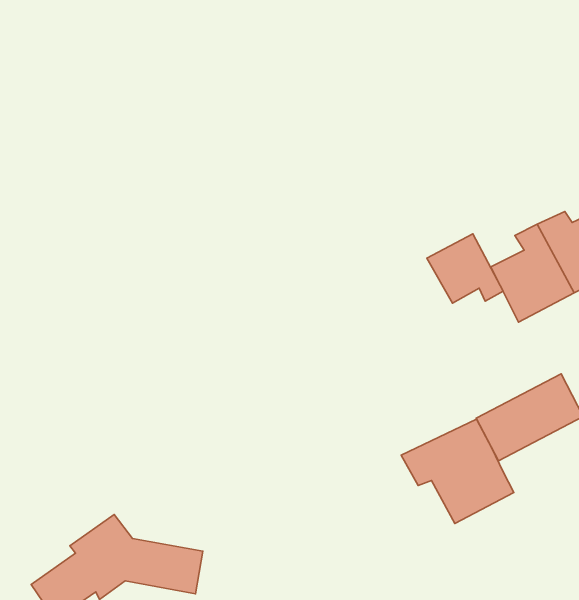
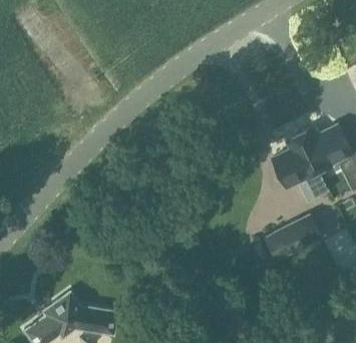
building: [427,234,503,303] -> none
building: [401,419,514,523] -> none

